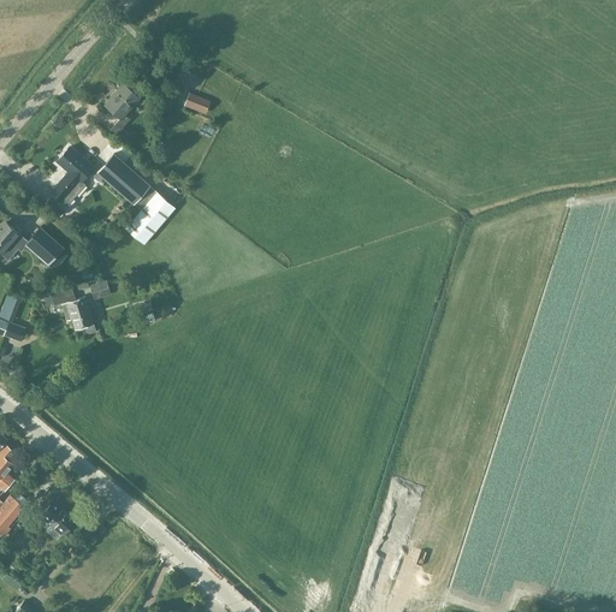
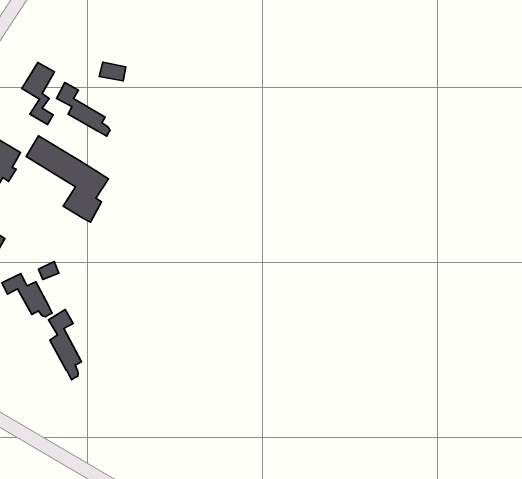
building: none -> [57,83,110,136]
building: none -> [48,310,81,380]

